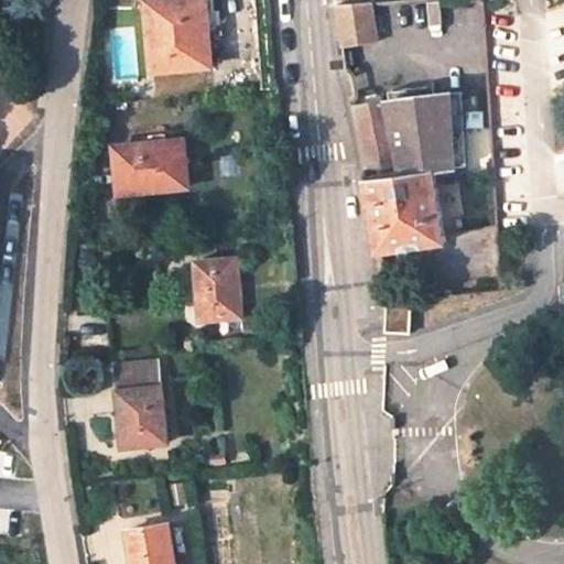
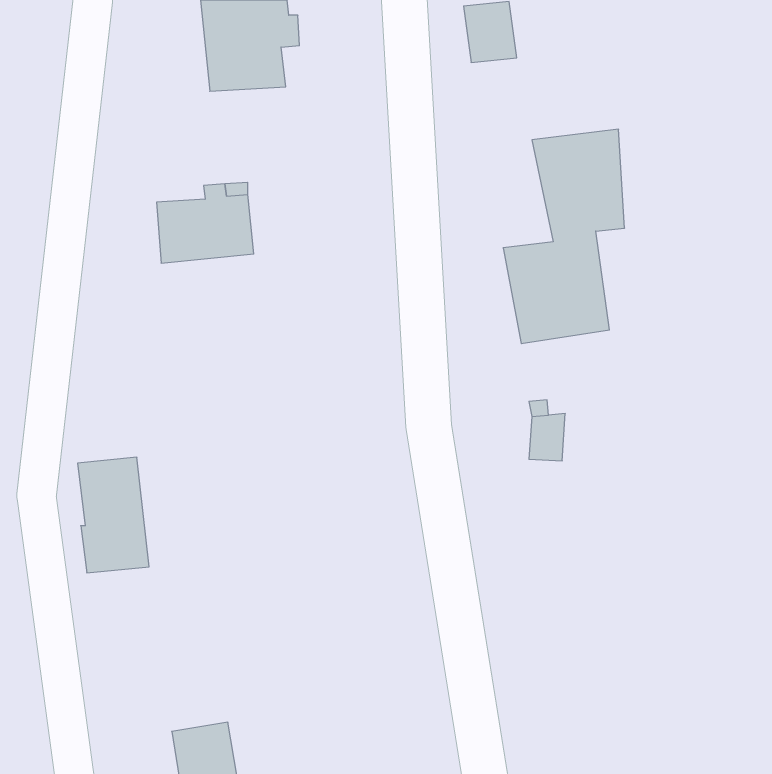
building: [349,104,401,182] -> none
building: [196,261,239,319] -> none
building: [113,364,165,447] -> [78,457,149,573]

